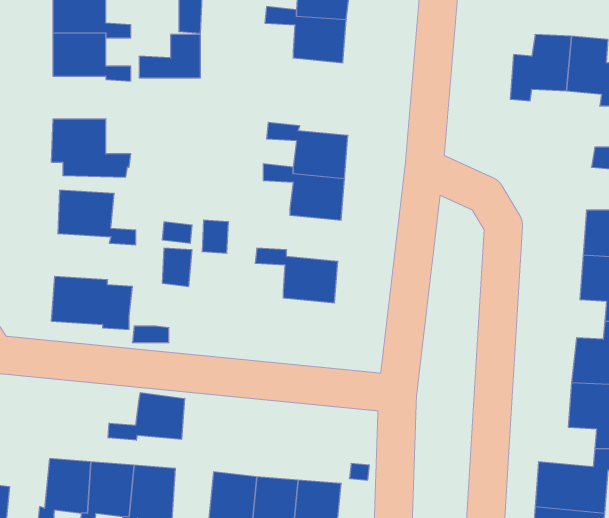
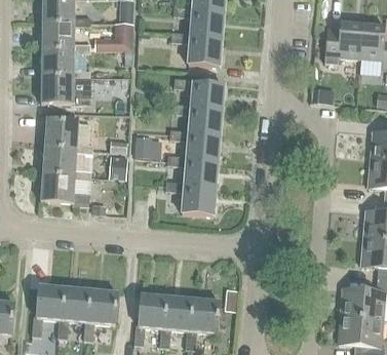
building: none -> [170,32,221,66]
building: none -> [41,48,89,77]
building: none -> [169,129,220,163]
building: none -> [42,146,90,179]
building: none -> [164,181,216,215]
building: [108,393,185,440] -> none

